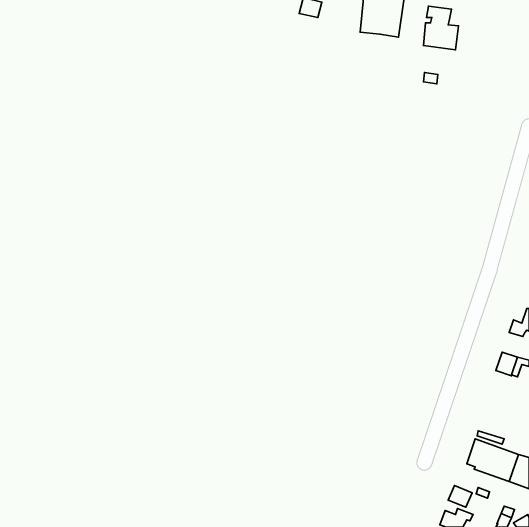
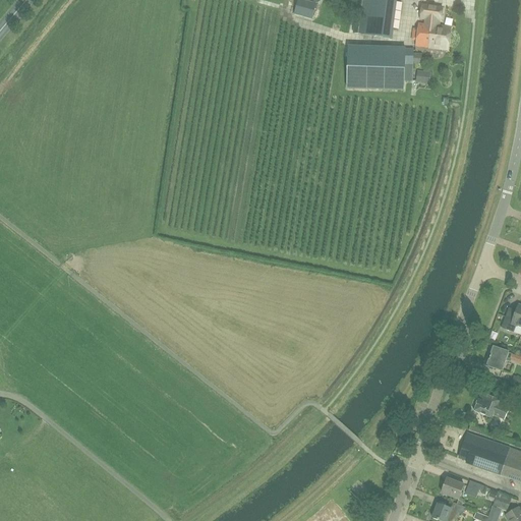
building: none -> [347,46,416,89]
building: none -> [474,391,509,418]

